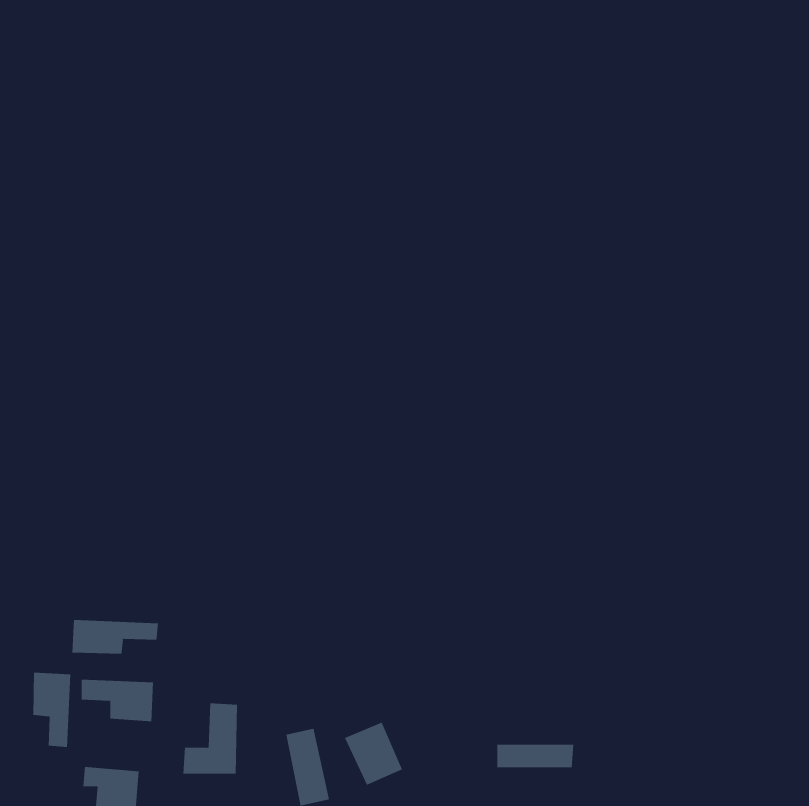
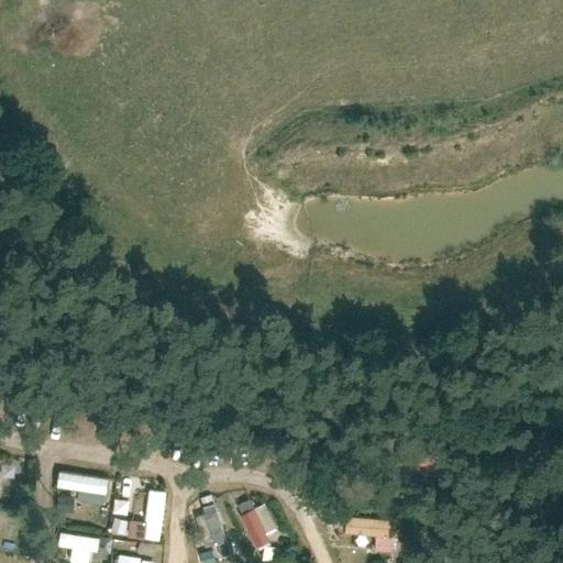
building: [72,619,159,654] -> none
building: [33,672,71,748] -> none

